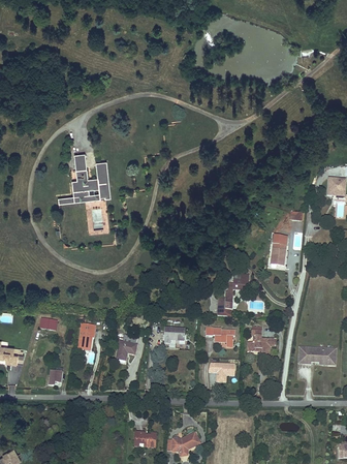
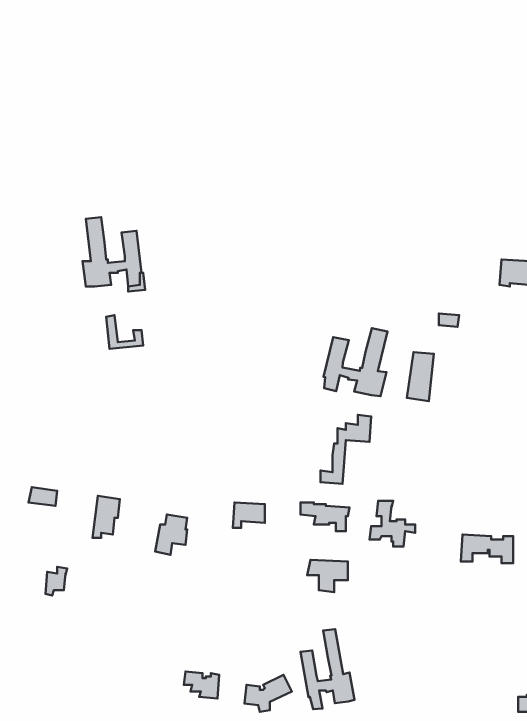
building: none -> [324,328,387,396]
building: none -> [300,629,354,709]

